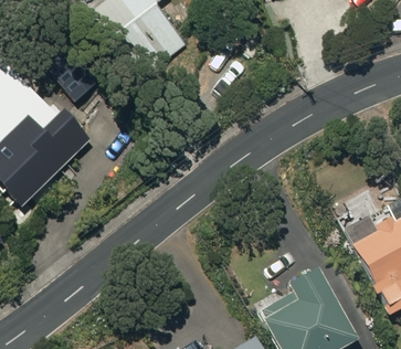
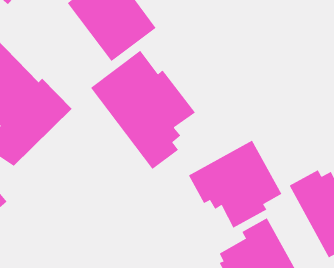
building: none -> [90,50,196,170]
building: none -> [188,140,282,229]

